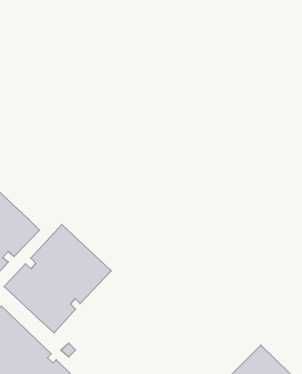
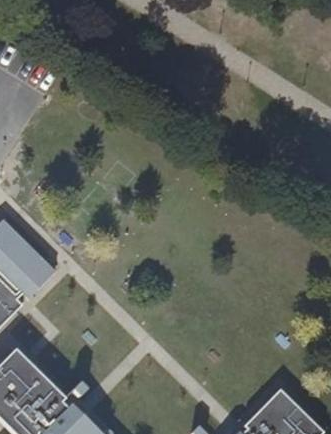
building: [4,225,111,333] -> none

